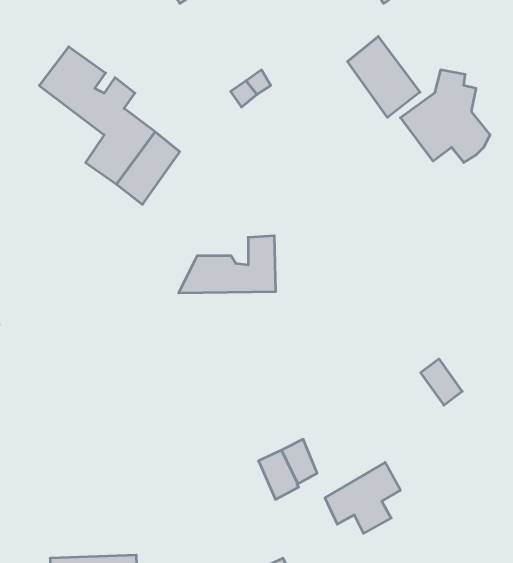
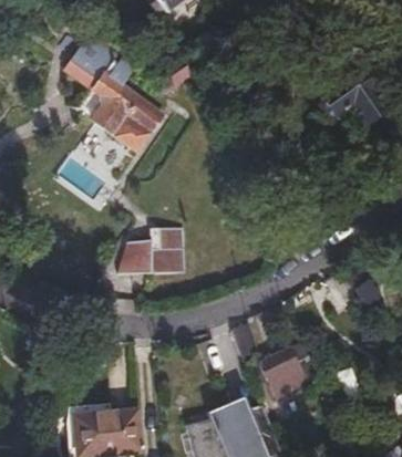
building: [348,36,420,117] -> none
building: [179,236,276,293] -> [112,231,182,272]

